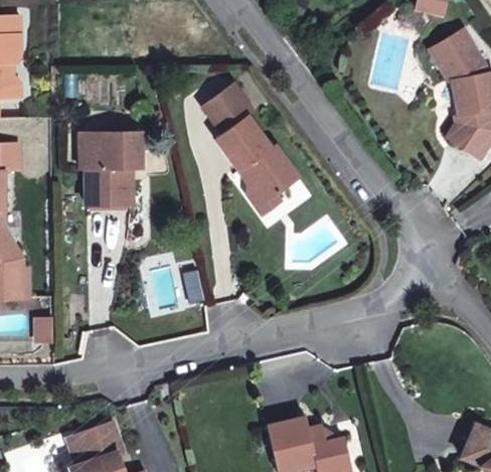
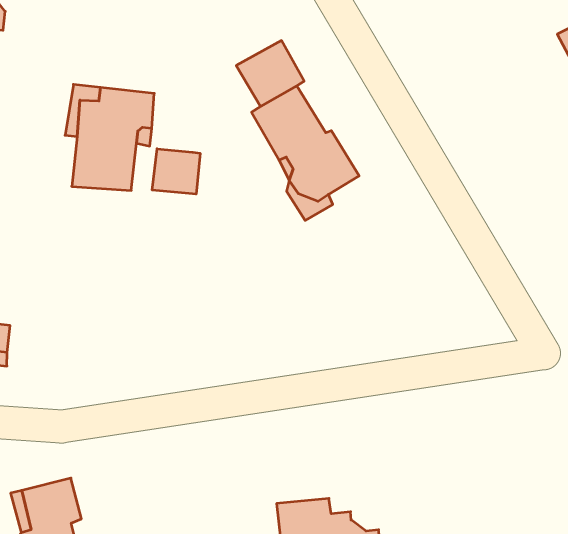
building: none -> [152,149,200,194]

